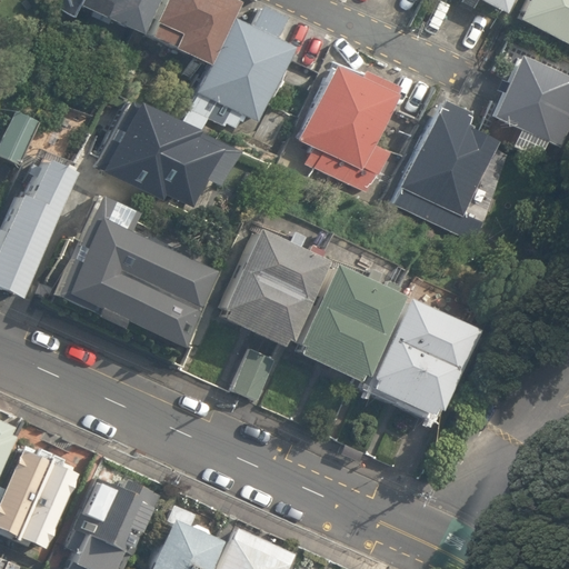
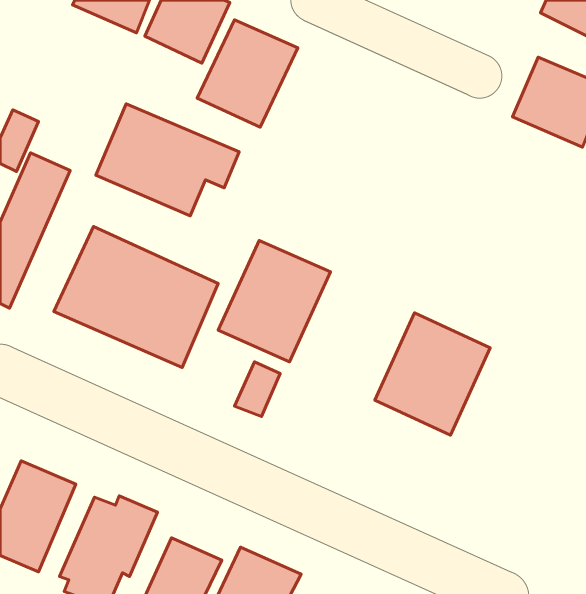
building: [293,60,398,187] -> none
building: [396,102,503,239] -> none
building: [295,266,400,377] -> none

